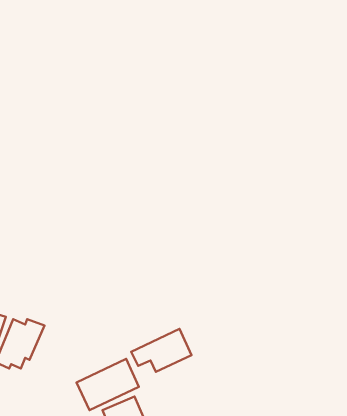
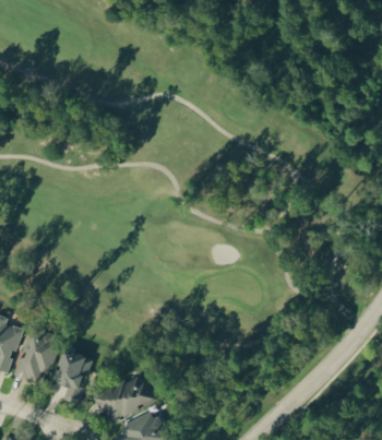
building: [131,329,192,372] -> none
building: none -> [51,349,92,404]

